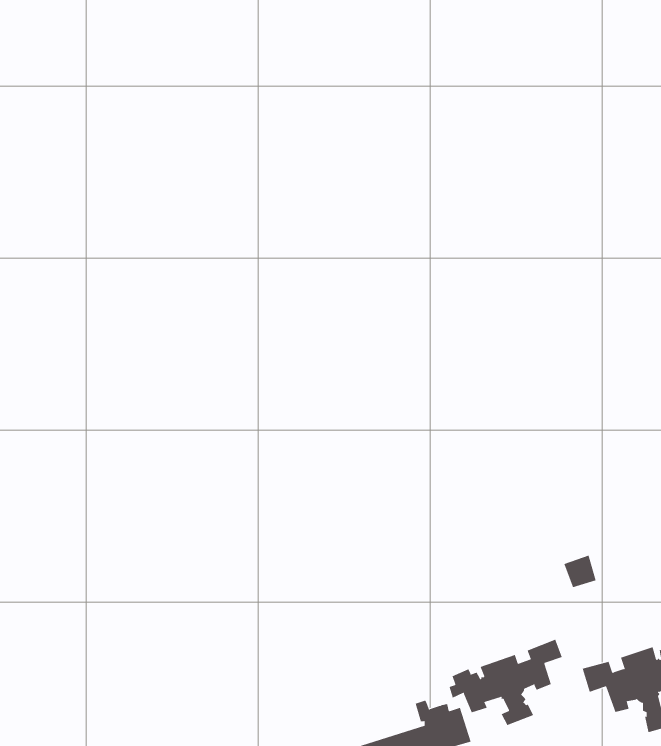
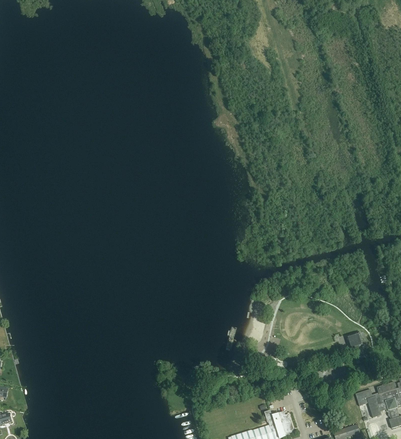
building: [449,639,563,726] -> none

